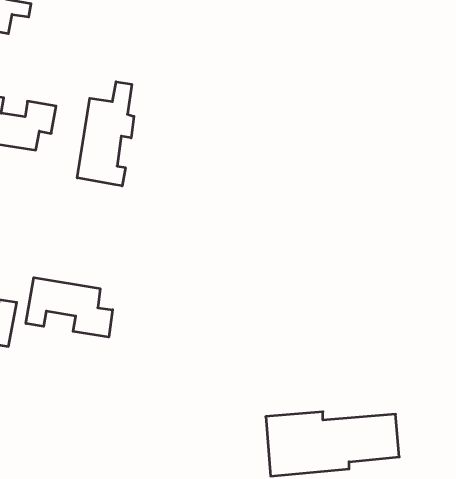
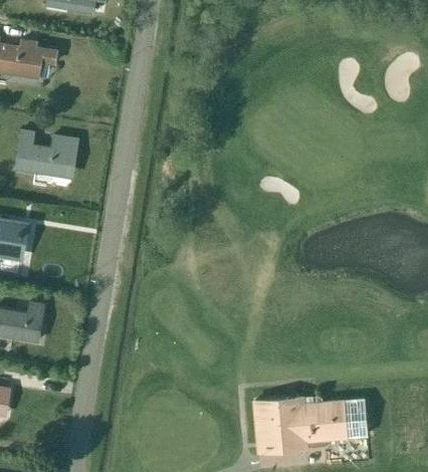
building: [77,82,134,186] -> none
building: [26,278,113,337] -> none

